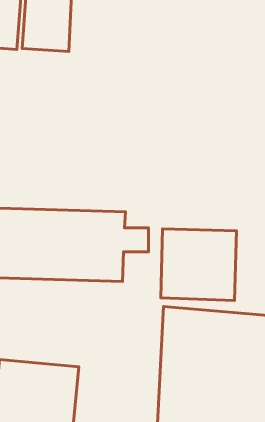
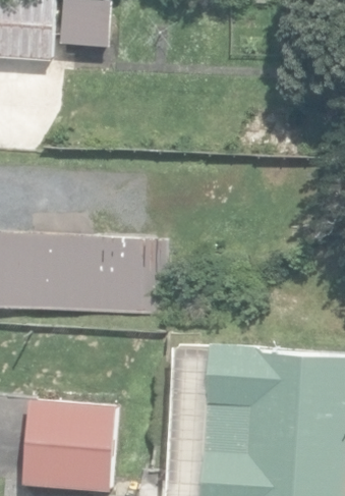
building: [161,229,237,300] -> none

